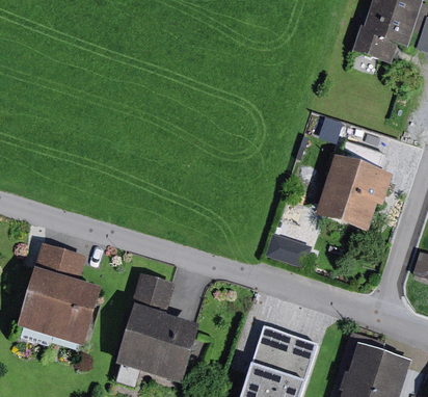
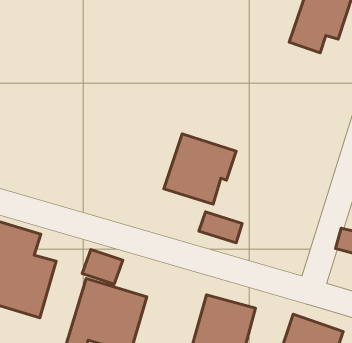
building: [314,154,392,230] -> [164,134,236,204]

